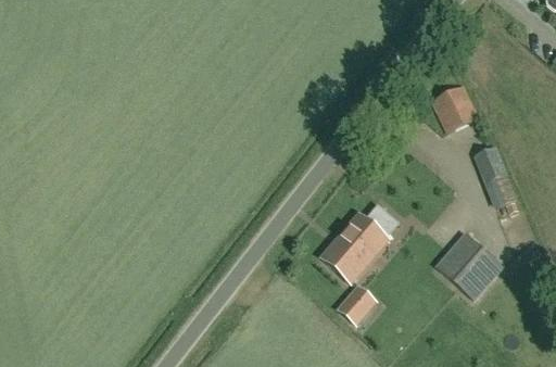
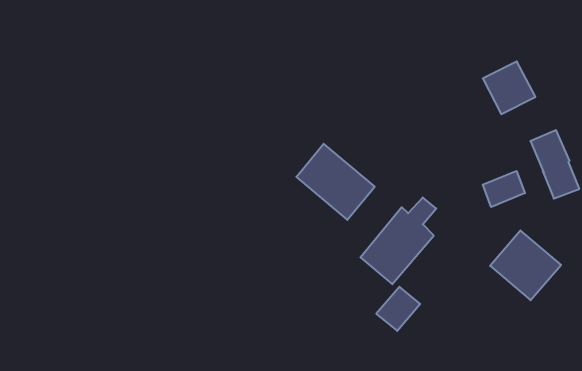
building: none -> [296,144,375,220]
building: none -> [483,171,525,207]

